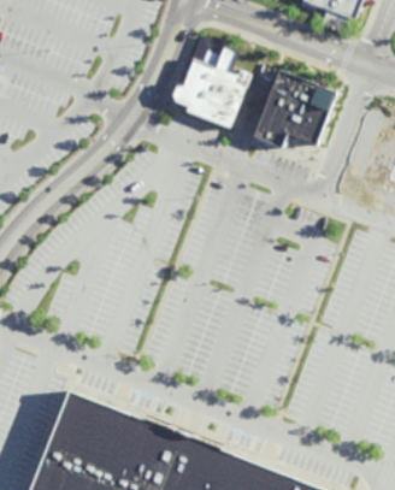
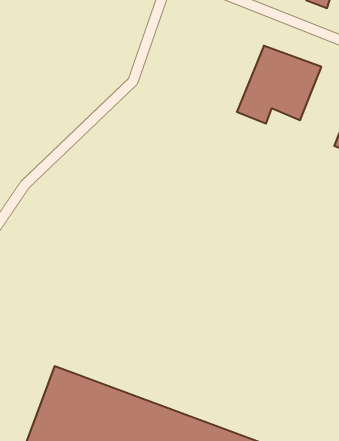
building: [172,35,246,126] -> none

